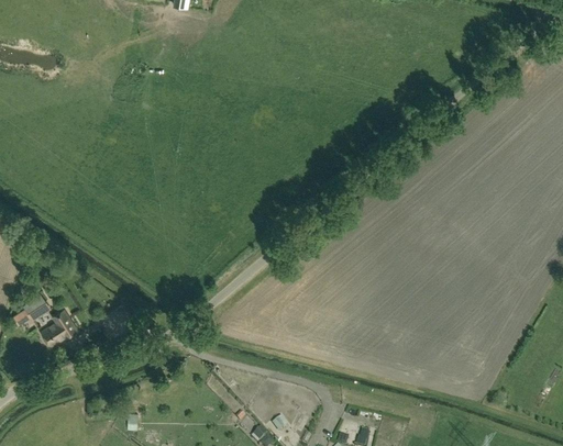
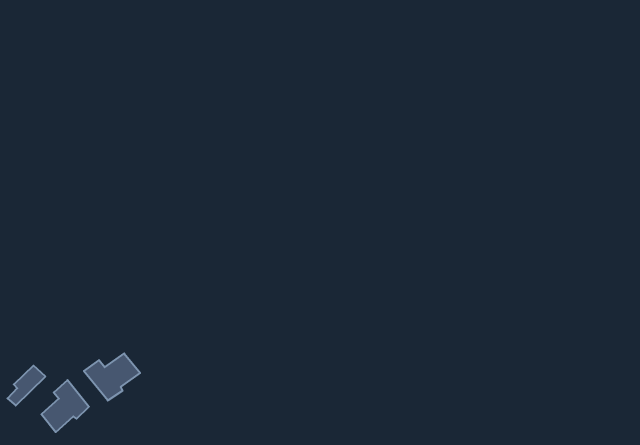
building: none -> [84,353,140,401]

